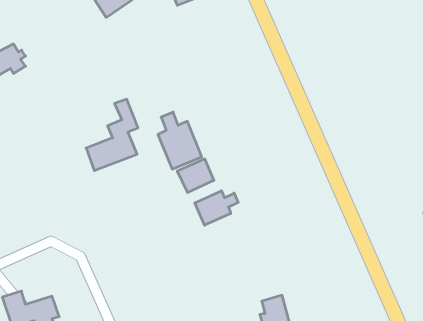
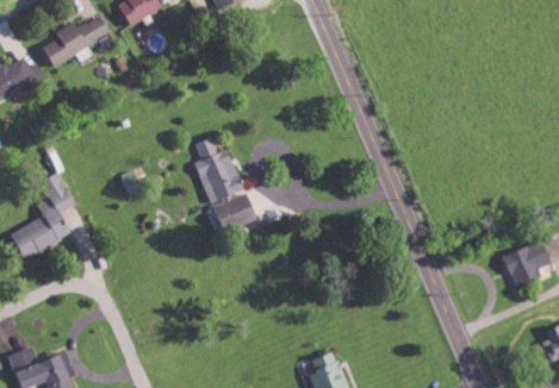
building: none -> [38,14,108,69]
building: [86,99,138,171] -> [11,173,72,256]
building: [195,191,238,225] -> none

